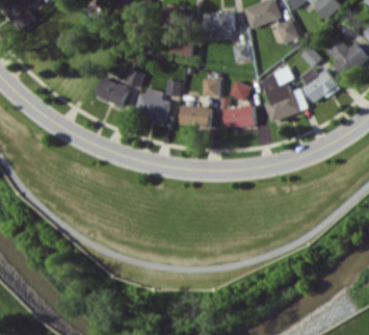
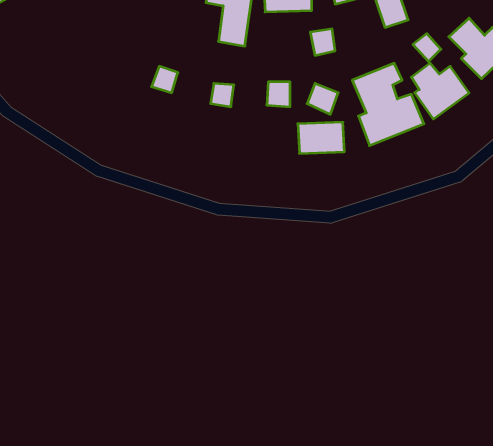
building: [95,77,130,106] -> none
building: [137,86,169,120] -> none
building: [180,106,210,126] -> none

